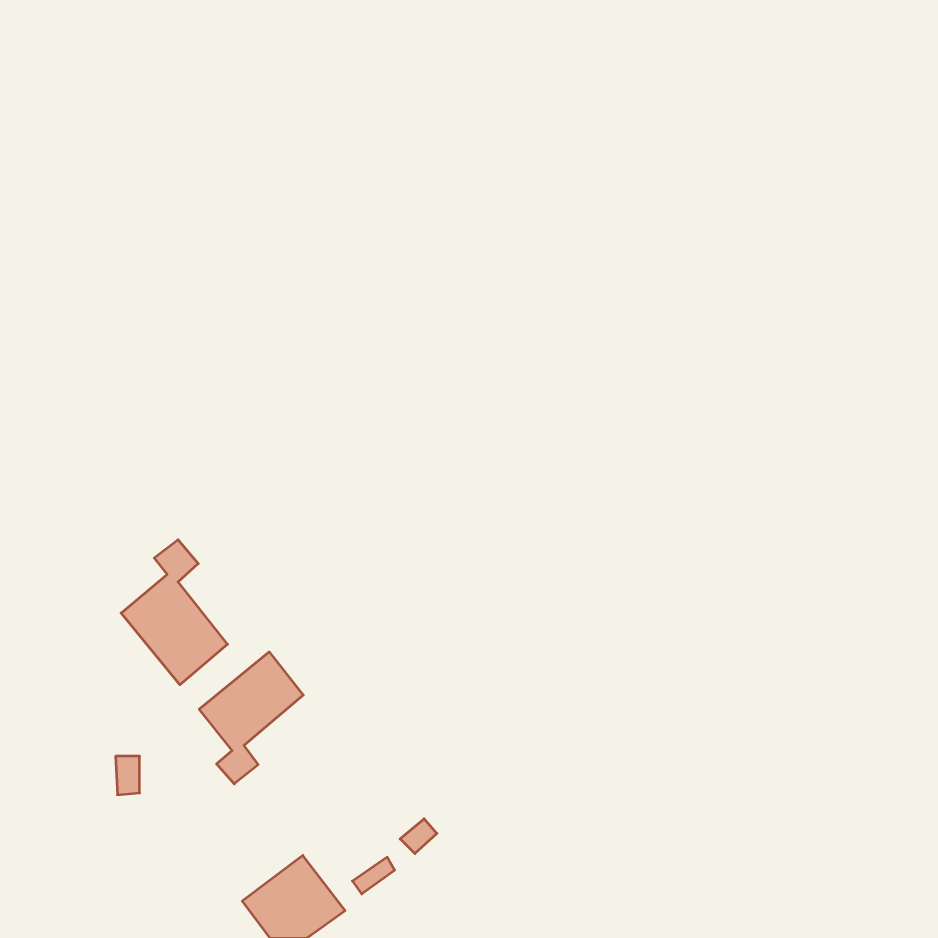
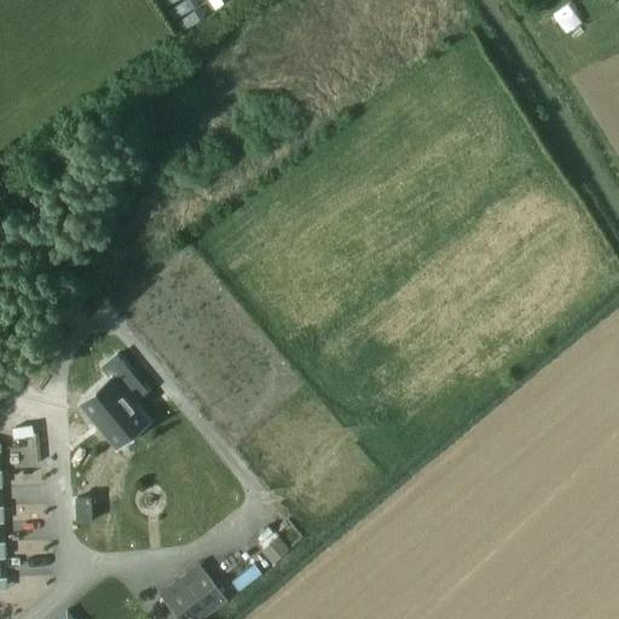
building: [199,652,303,784] -> none

